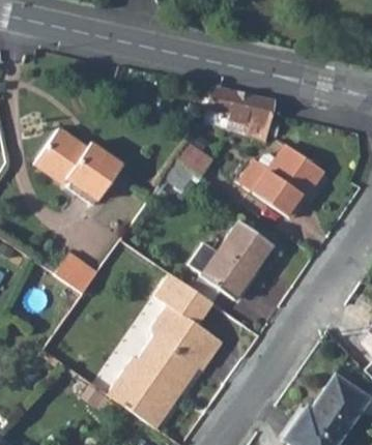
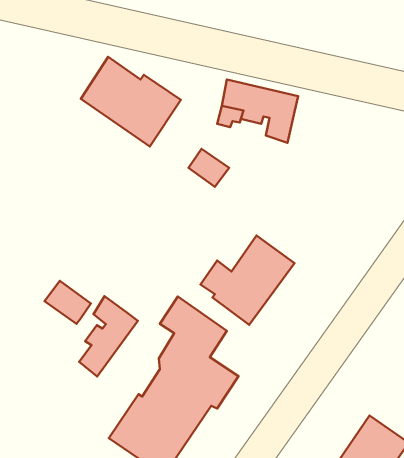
building: [36,128,123,206] -> [81,57,181,146]
building: [238,142,323,215] -> none
building: none -> [79,296,138,376]

